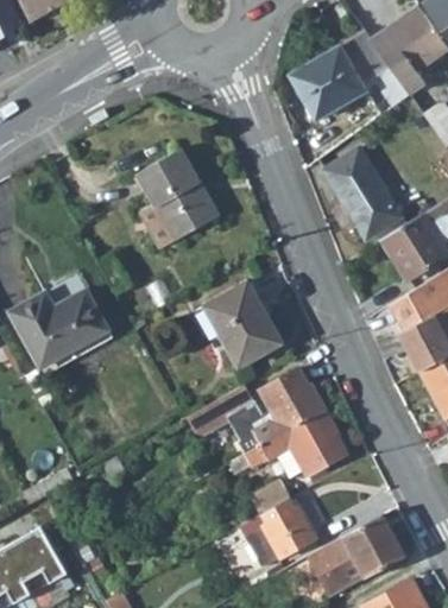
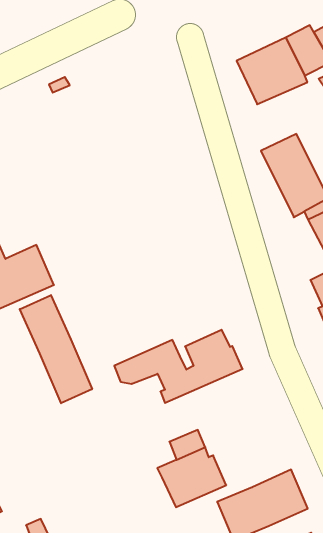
building: [141,148,222,240] -> none
building: [204,280,283,366] -> none
building: none -> [20,295,92,403]
building: [242,407,345,477] -> none

